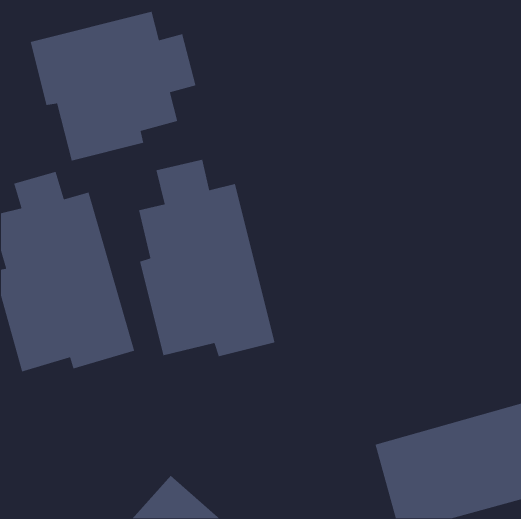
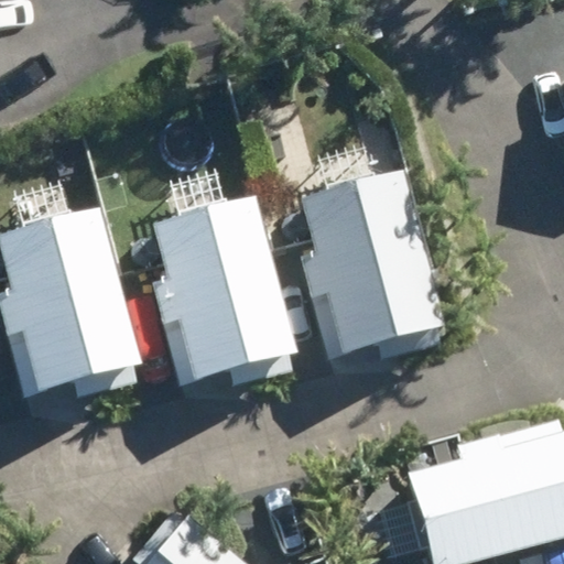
building: [30,11,196,162] -> none
building: none -> [301,169,447,359]

